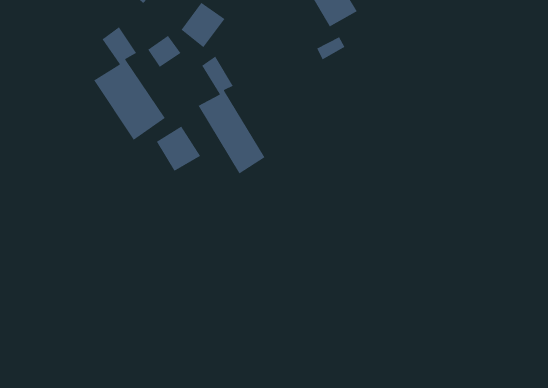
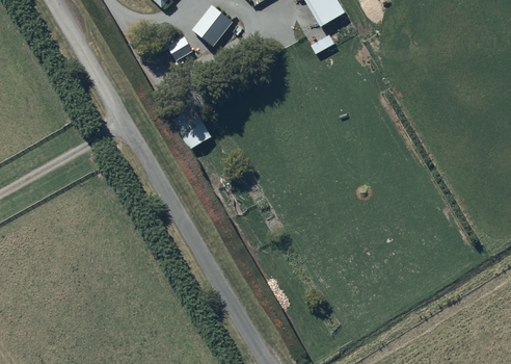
building: [93,26,166,141] -> none
building: [198,55,265,175] -> none

